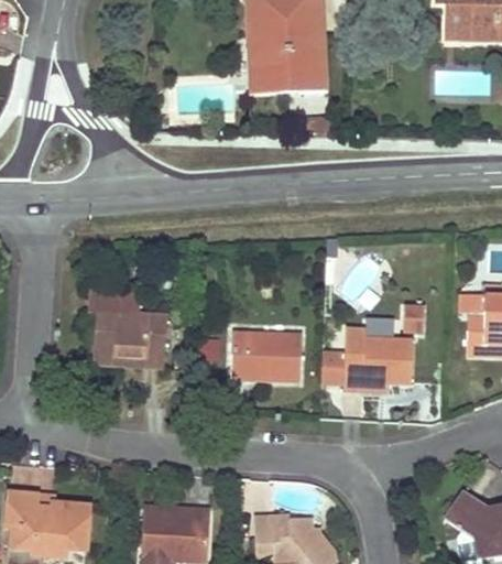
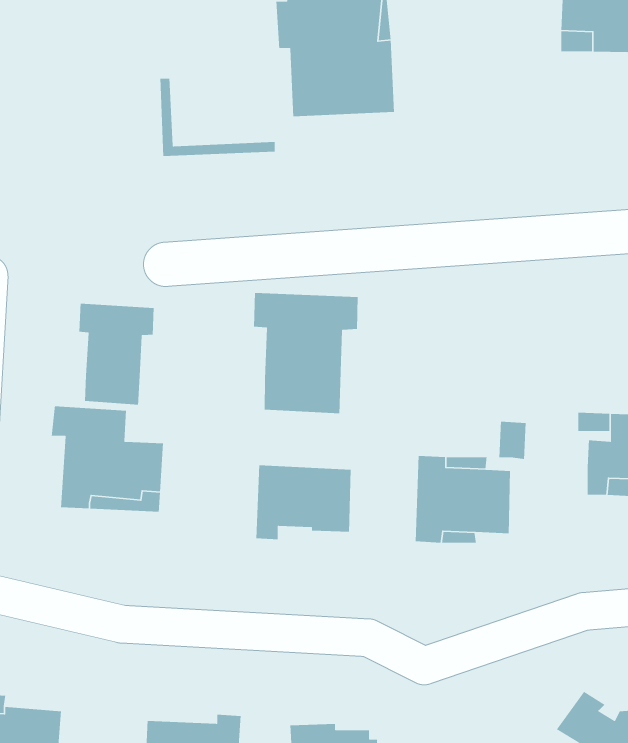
building: [247,36,329,93] -> [159,78,276,157]
building: none -> [253,292,358,414]
building: none -> [79,303,155,406]

